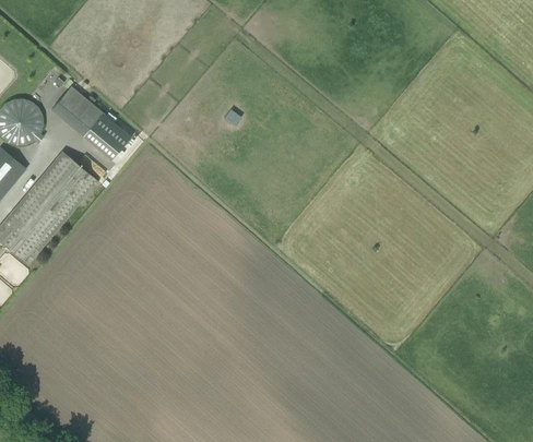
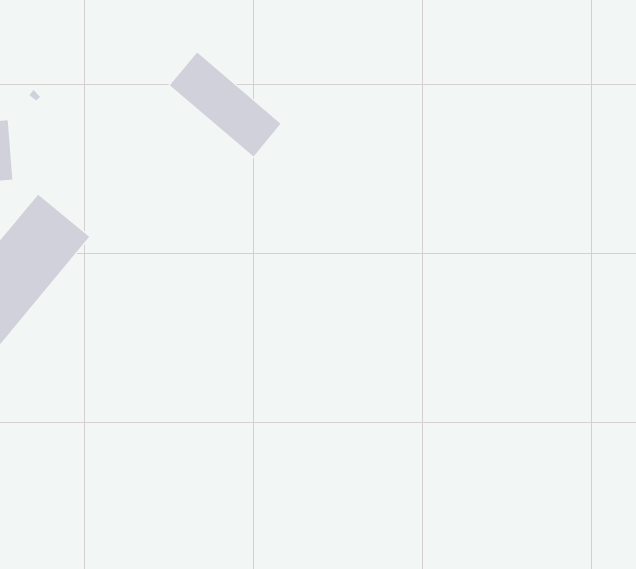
building: [50,84,130,159] -> [169,51,281,158]

